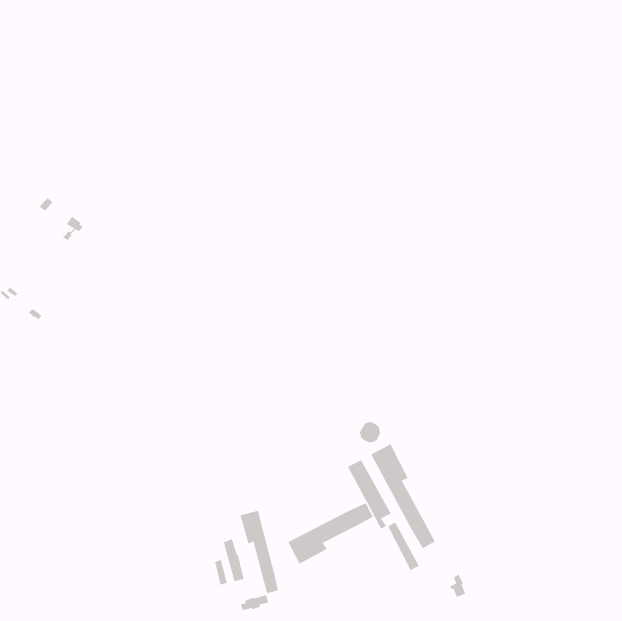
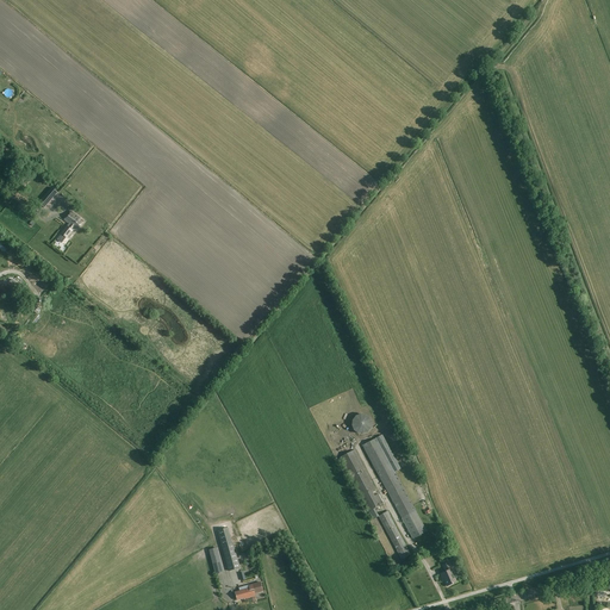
building: [287,502,374,565] -> none
building: [239,510,279,594] -> none

